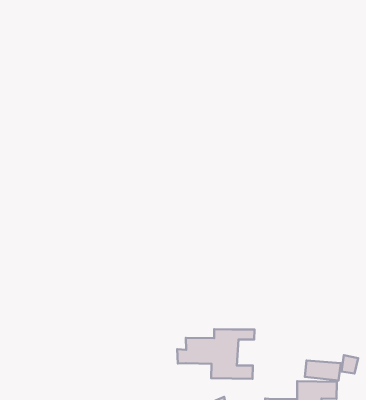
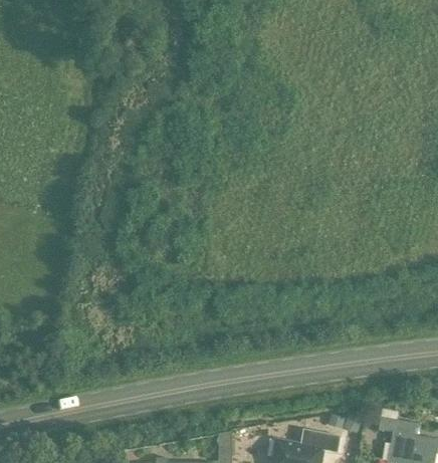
building: [177,329,255,379] -> none

